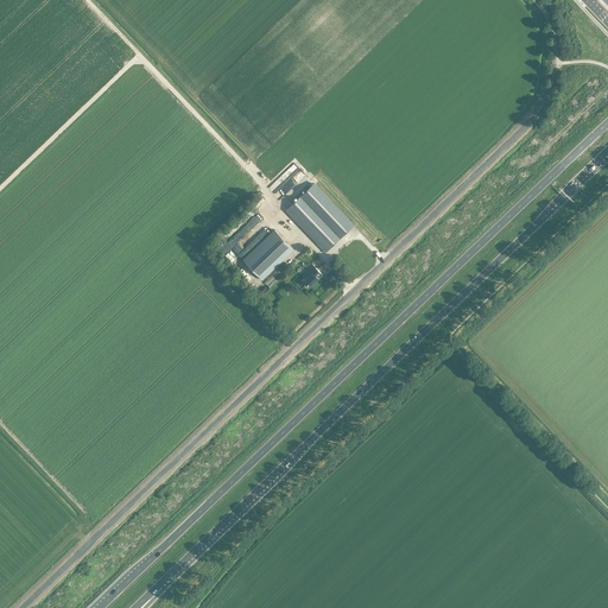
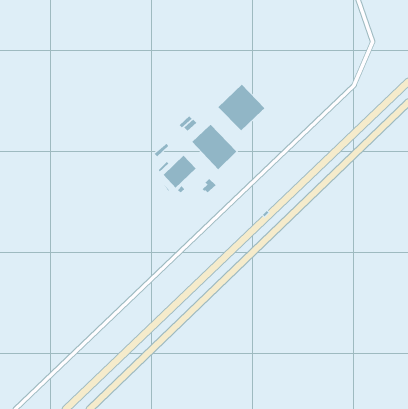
building: none -> [218,84,265,131]

